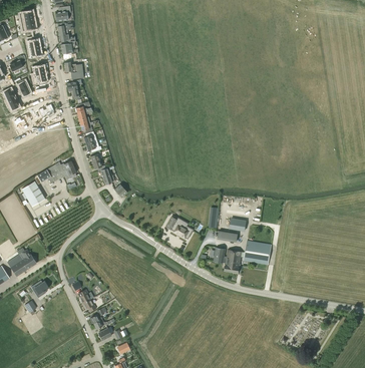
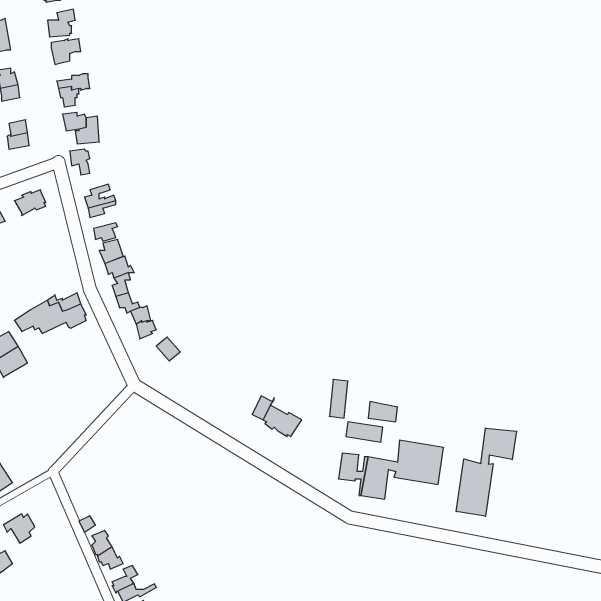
building: none -> [456,428,517,516]

